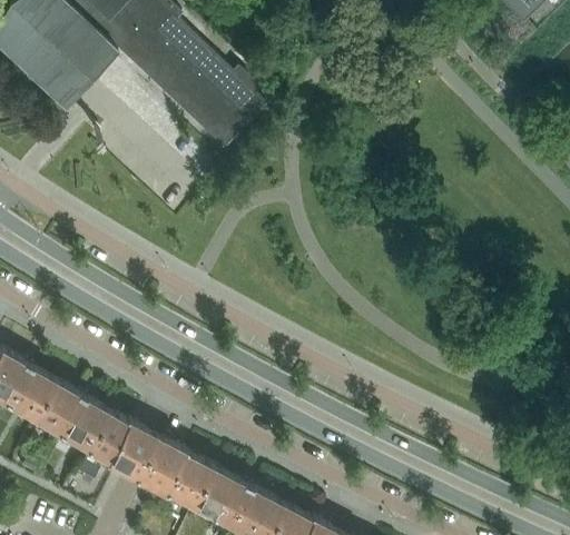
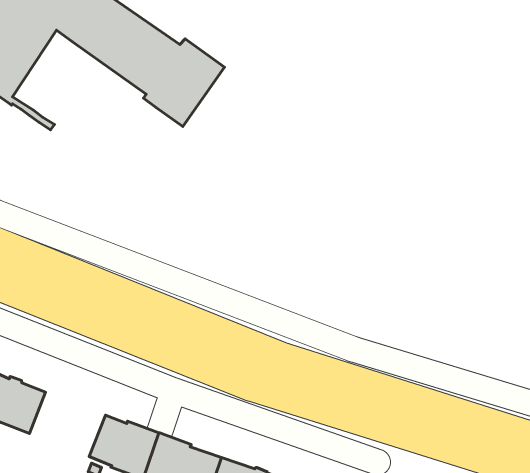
building: [33,382,108,448] -> none

